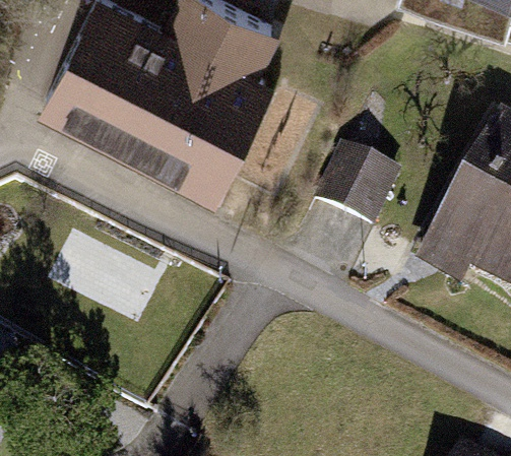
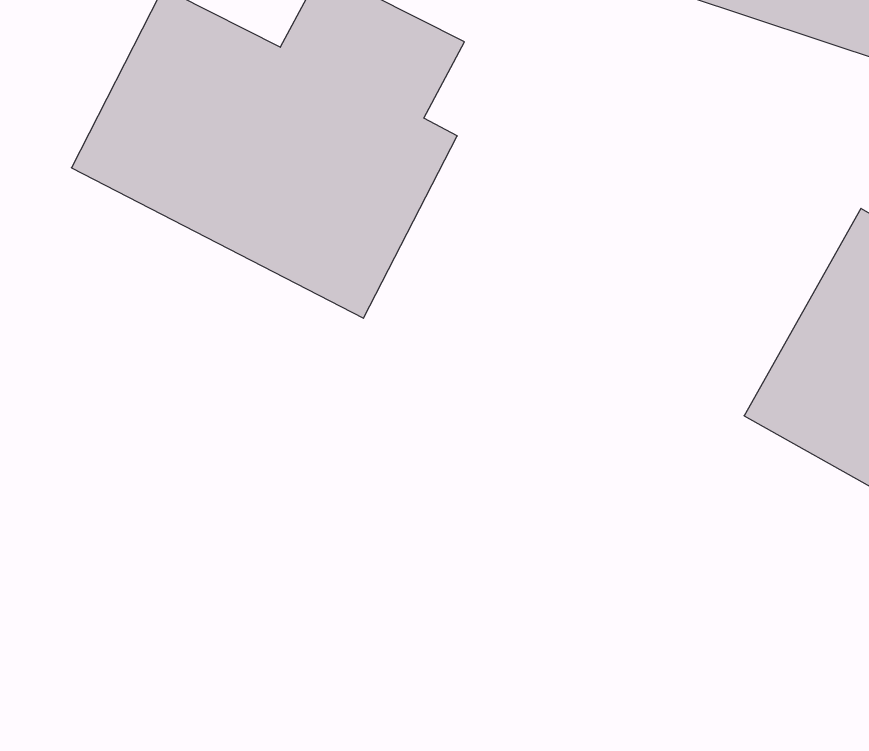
building: [319,146,397,224] -> none

